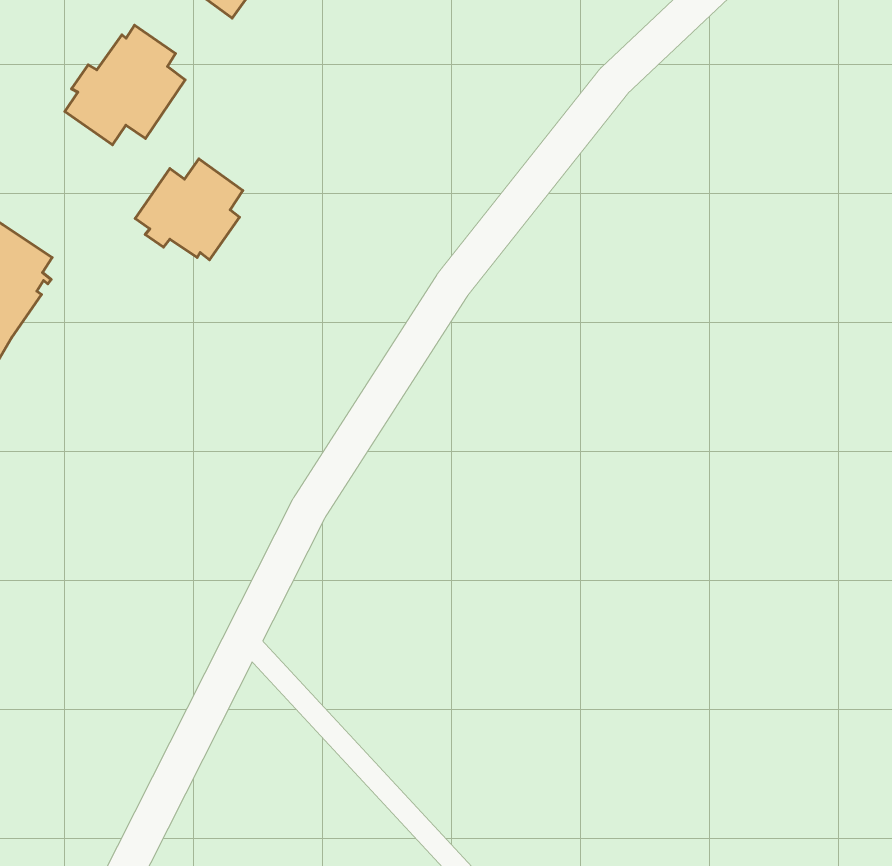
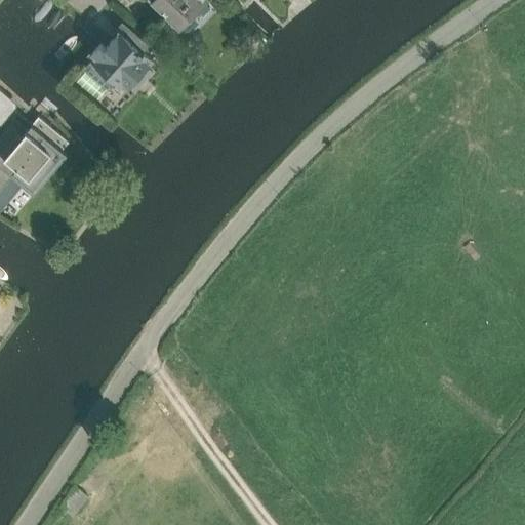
building: [135,159,243,260] -> none

